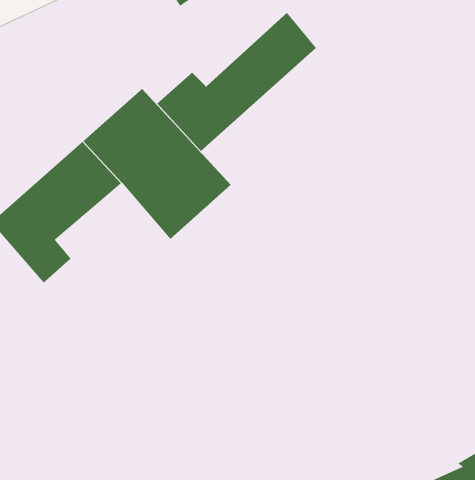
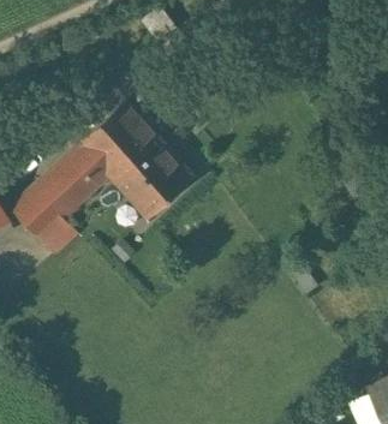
building: [157,12,317,152] -> none

